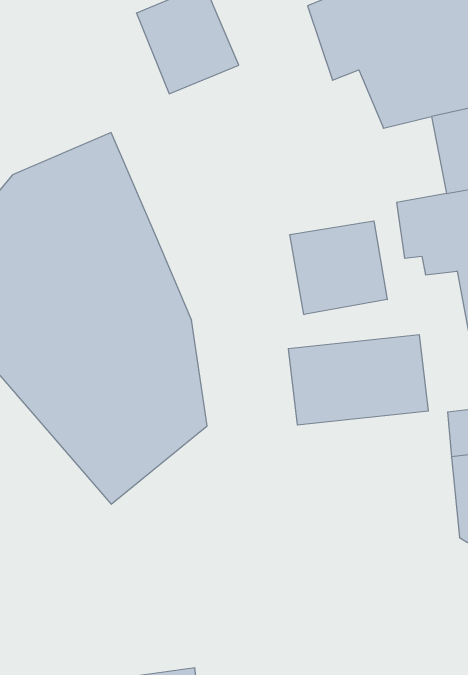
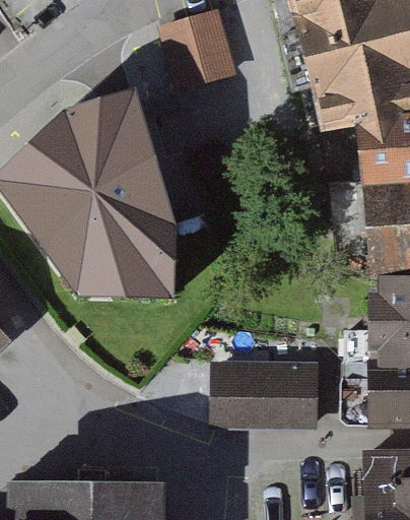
building: [290,221,387,315] -> none
building: [288,335,428,425] -> [223,363,316,417]

